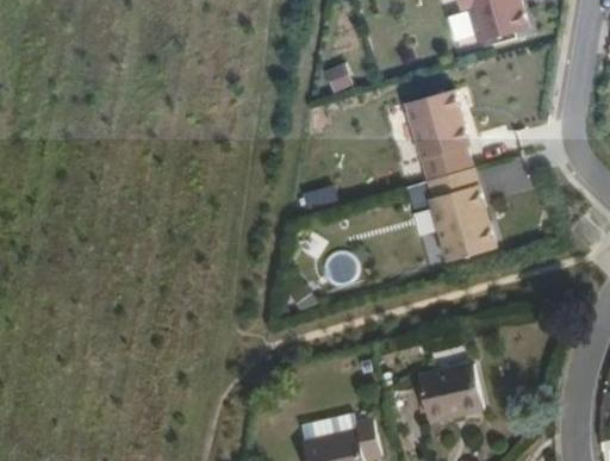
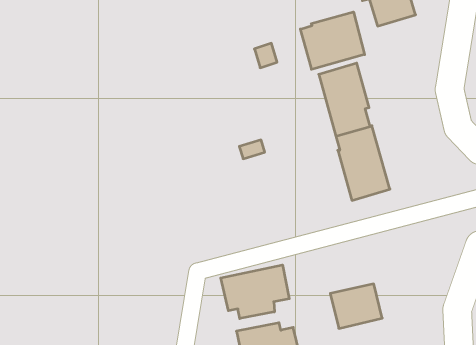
building: none -> [300,12,365,69]
building: none -> [221,265,289,319]

